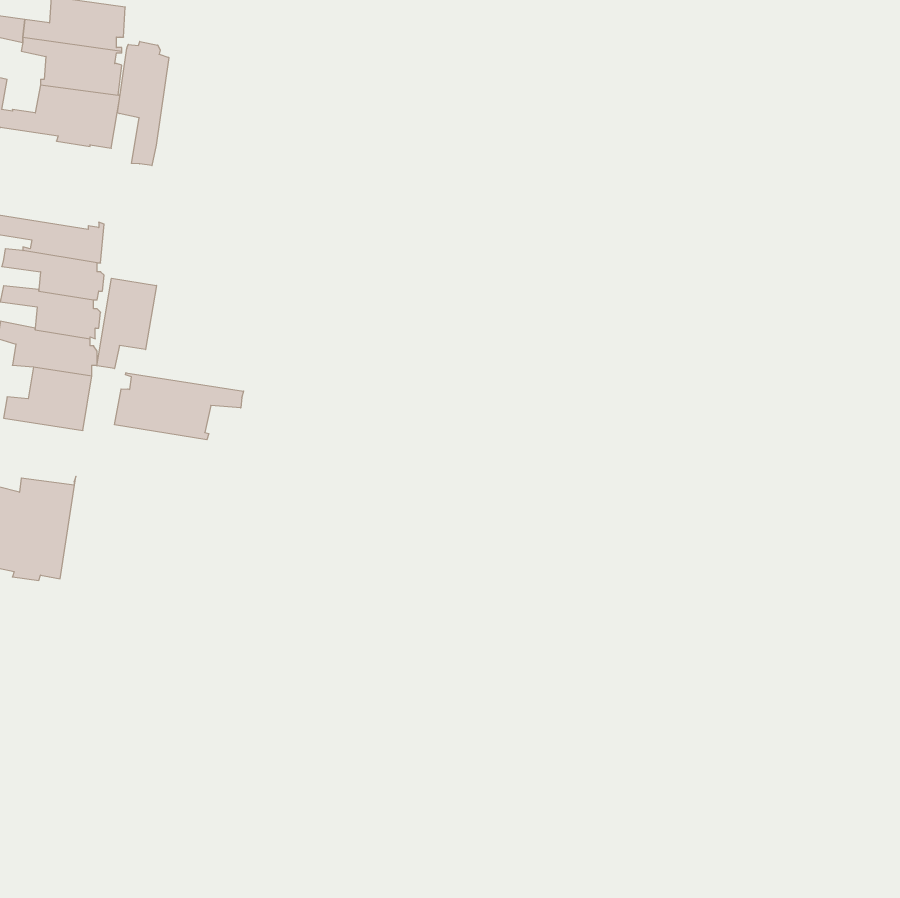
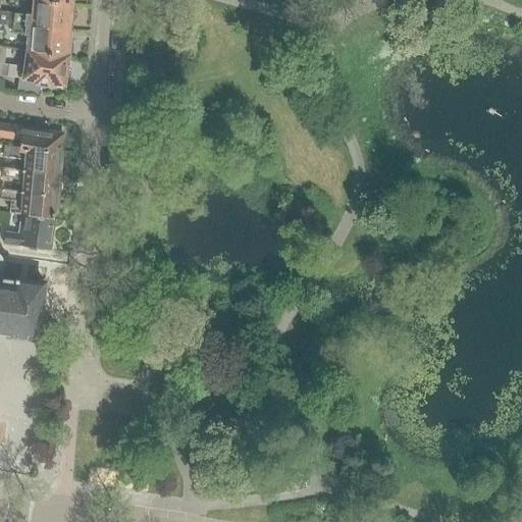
building: [117,41,169,166] -> none
building: [97,278,156,369] -> none
building: [115,373,244,440] -> none

